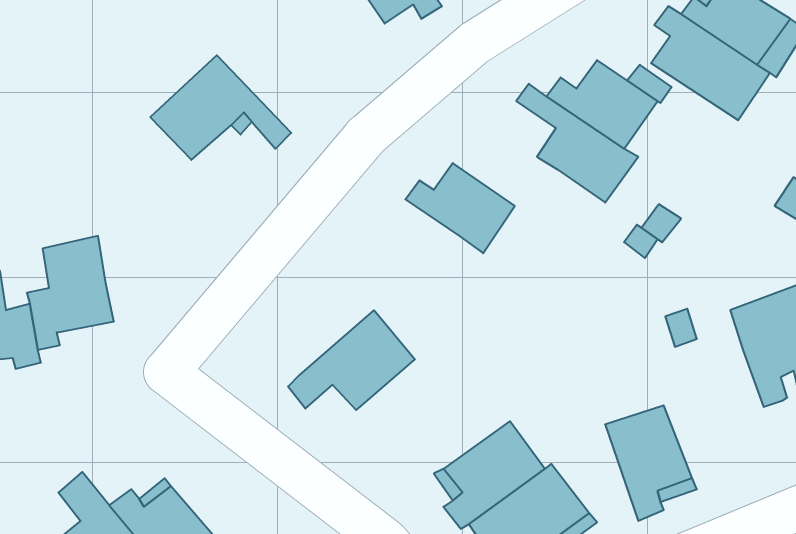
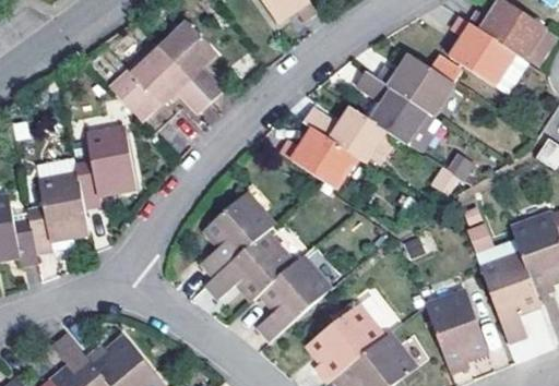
building: none -> [157,23,221,104]
building: none -> [310,106,392,159]
building: none -> [73,130,132,207]
building: none -> [200,186,273,270]
building: none -> [257,253,330,336]
building: none -> [478,253,537,342]

